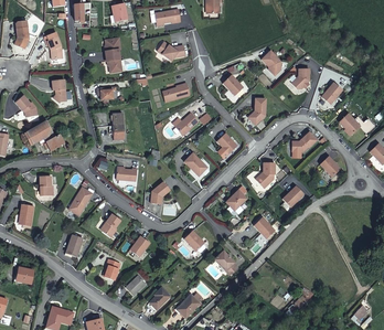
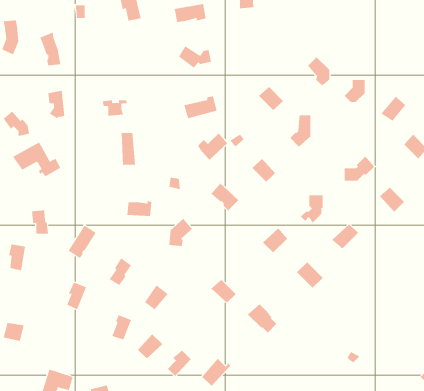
building: [105,38,121,72] -> none

